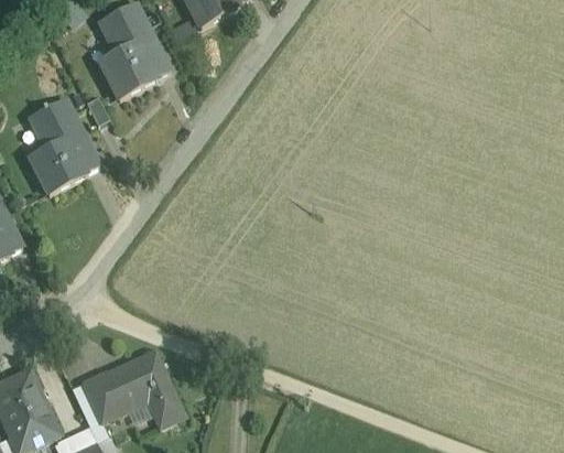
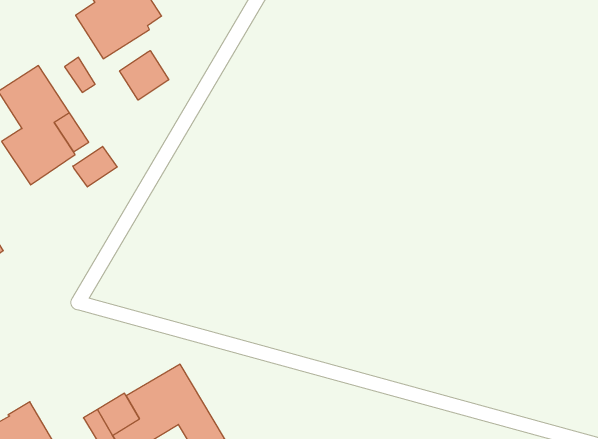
building: none -> [120,51,169,100]
building: none -> [73,146,117,187]

